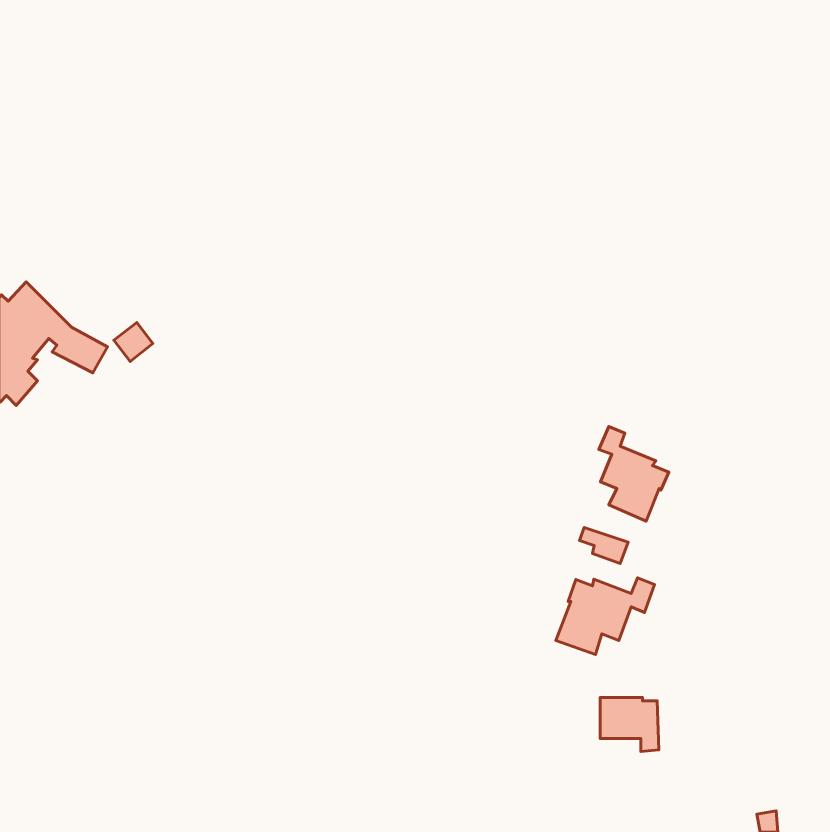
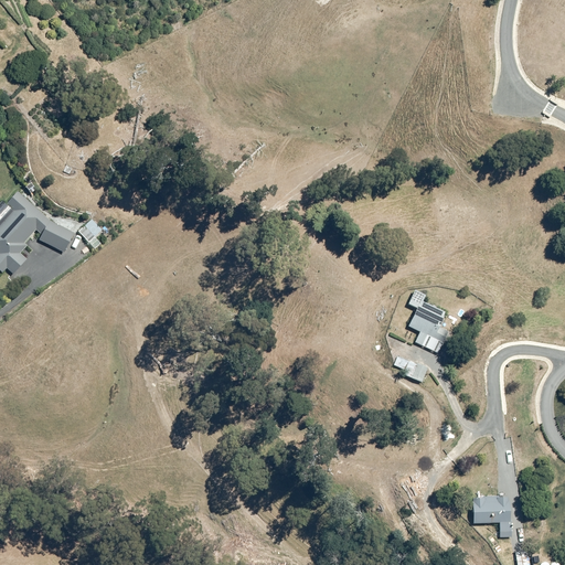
building: [556,578,654,655] -> none
building: [600,698,659,751] -> [471,495,511,532]

